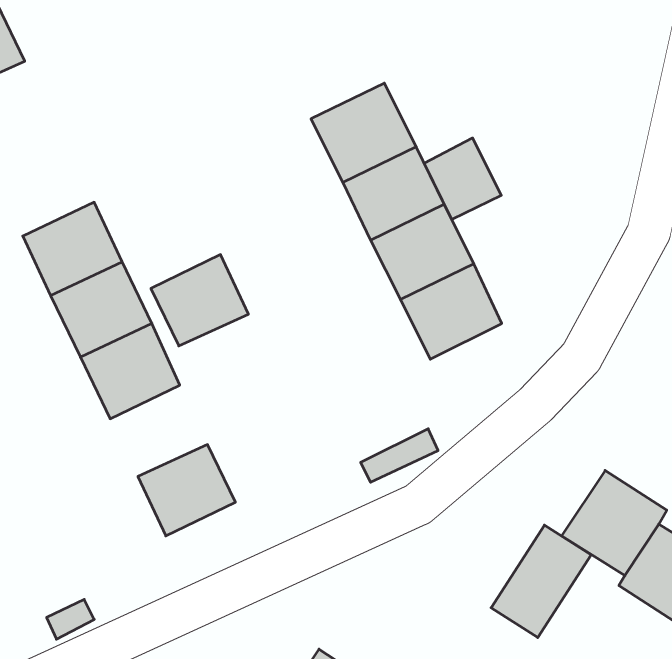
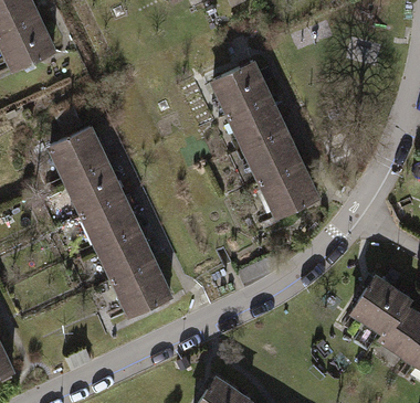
building: [424,138,501,219] -> none
building: [151,255,248,346] -> [99,231,154,282]
building: [491,525,591,638] -> none

